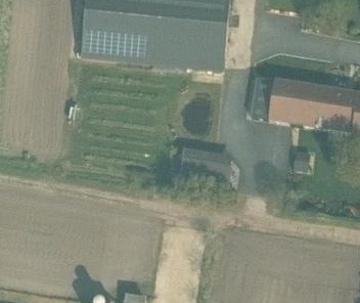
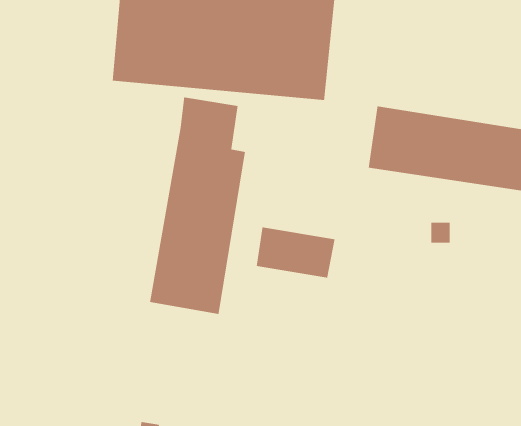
building: none -> [149,96,246,315]

